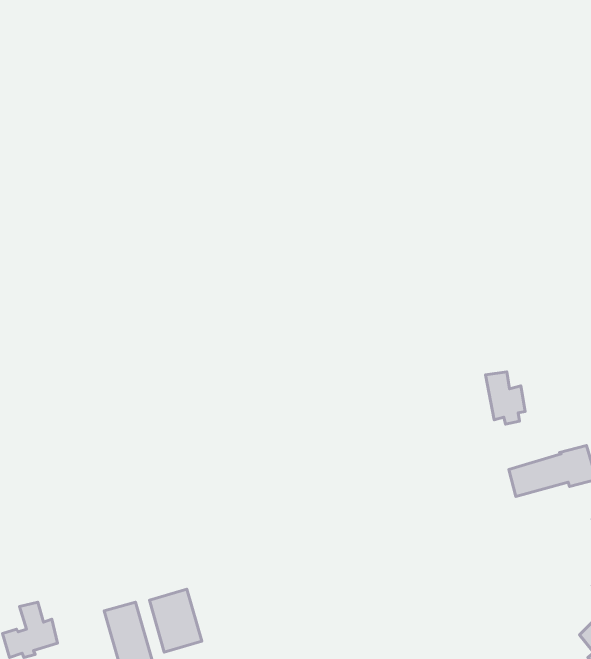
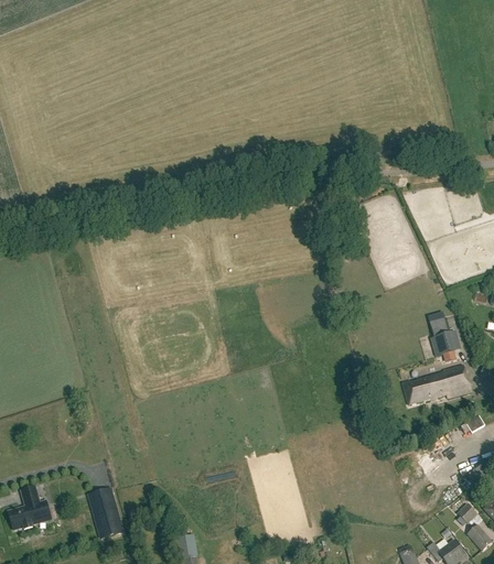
building: [486,372,525,424] -> [431,319,462,360]
building: [149,589,202,652] -> none

